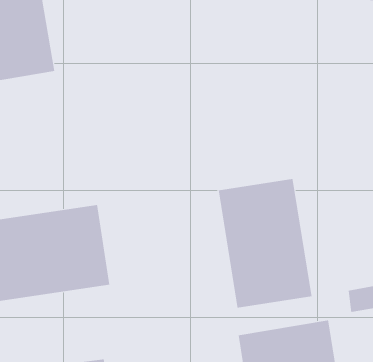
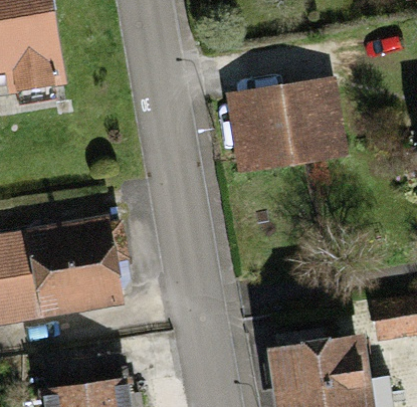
building: none -> [225,79,344,177]
building: [218,178,312,308] -> none

